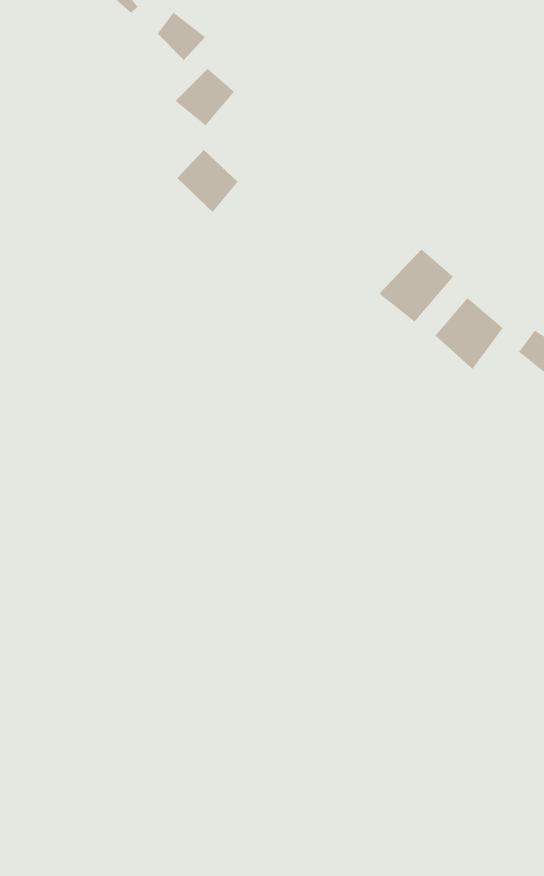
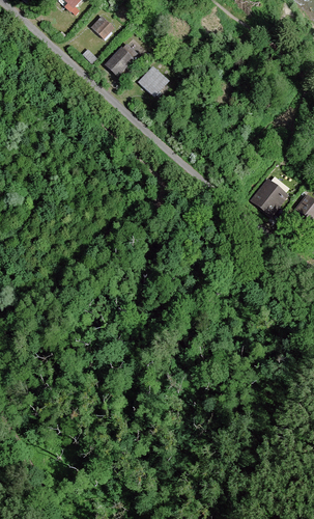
building: [177,149,238,213] -> [137,63,172,100]
building: [378,248,454,322] -> none

